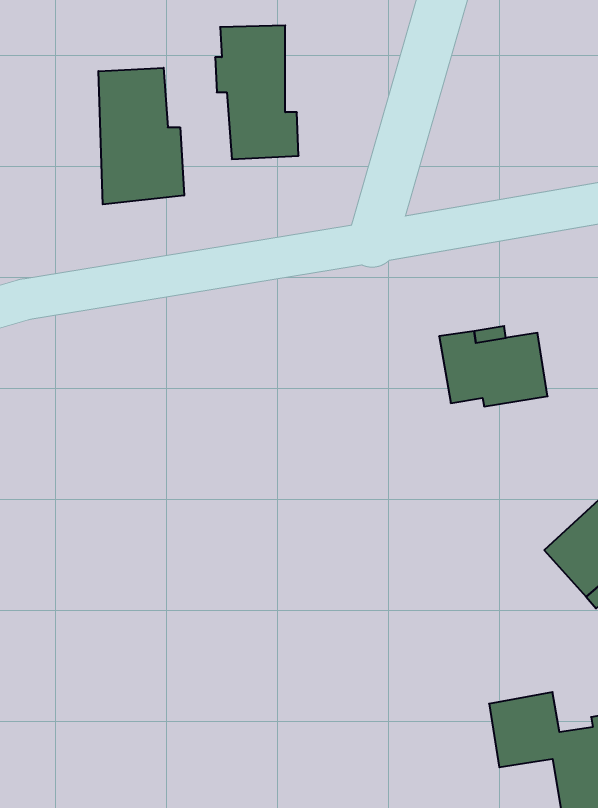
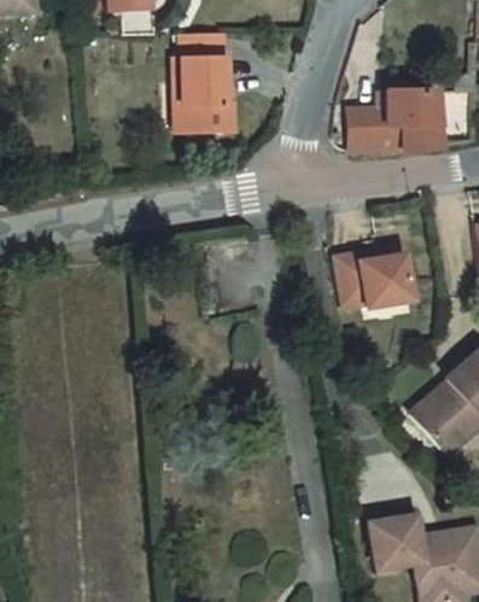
building: [98,68,184,204] -> none
building: none -> [344,90,434,151]

